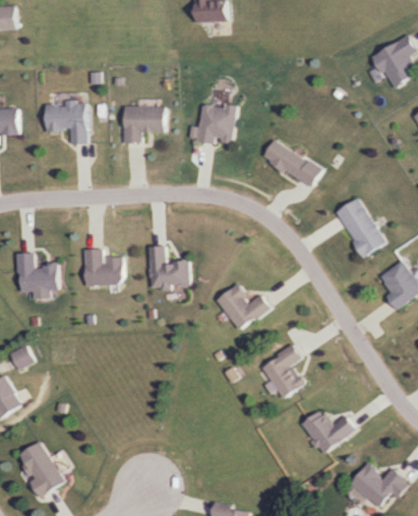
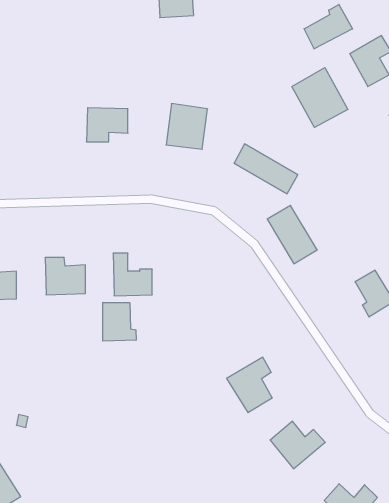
building: none -> [304,4,353,49]
building: none -> [292,68,348,127]
building: [45,105,85,140] -> none
building: [336,199,383,255] -> [267,205,317,264]
building: [217,285,268,330] -> none
building: none -> [103,302,136,341]

